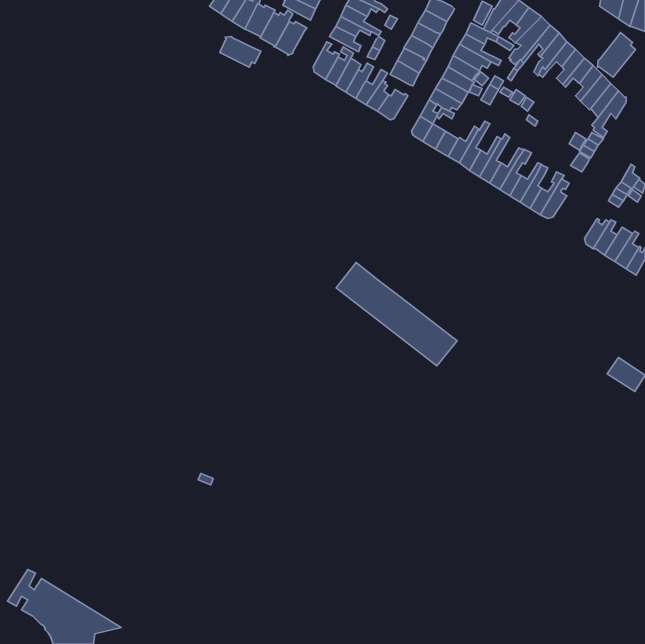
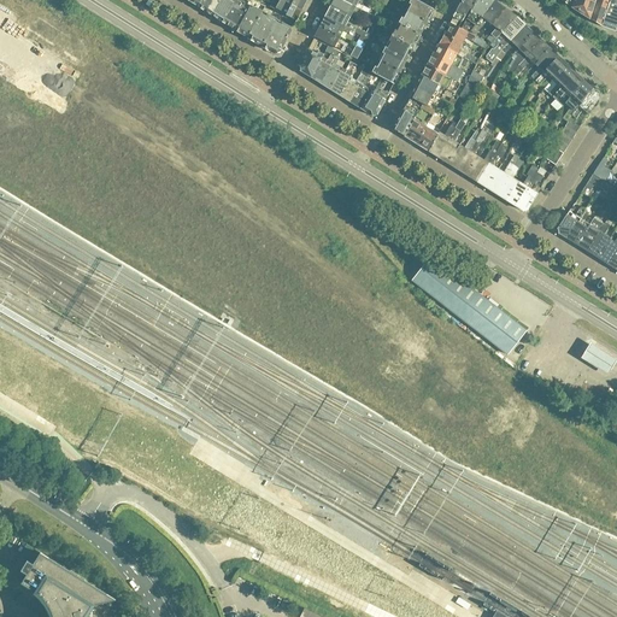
building: [598,33,635,77] -> none
building: [220,37,261,67] -> none
building: [336,262,457,366] -> [411,254,527,353]

